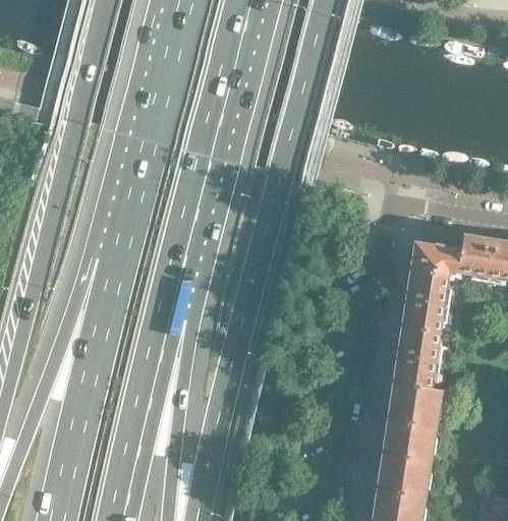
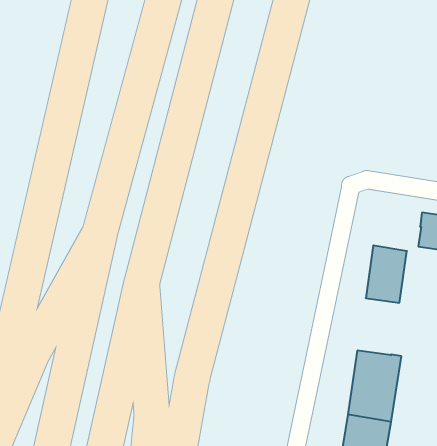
building: [410,243,462,277] -> none
building: [393,328,439,390] -> none

